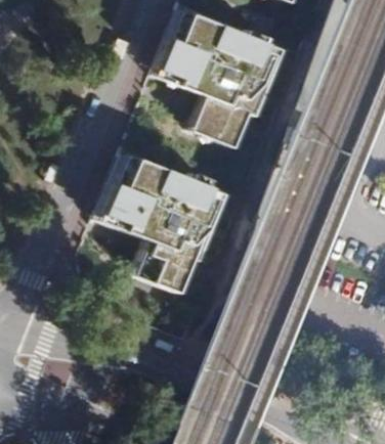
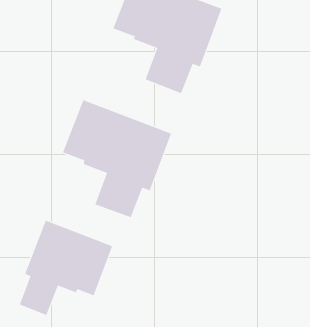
building: none -> [19,220,113,316]

